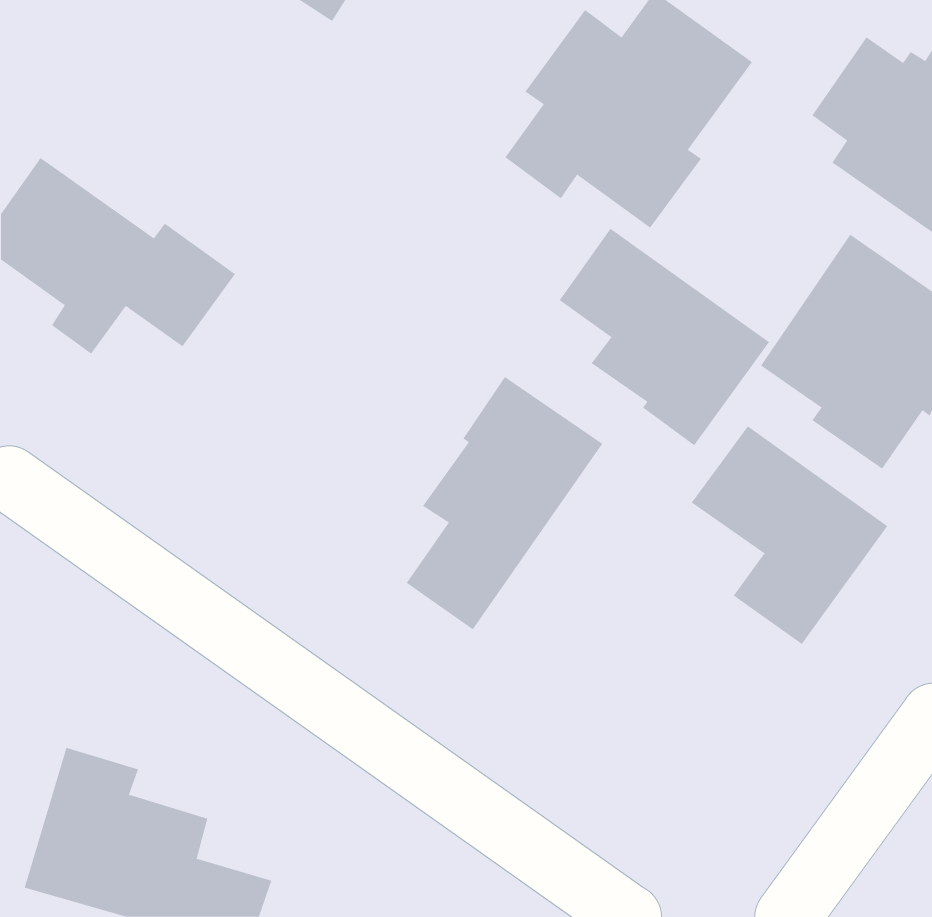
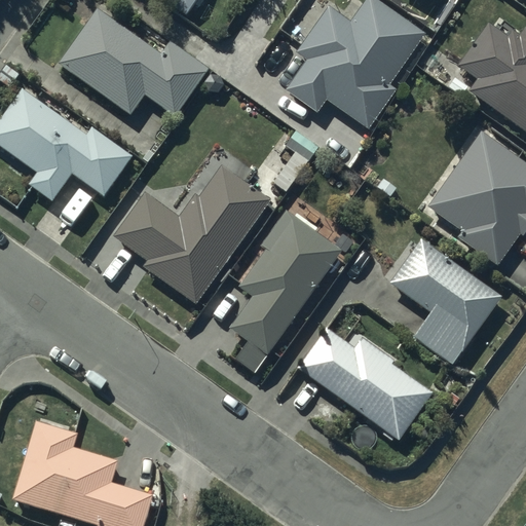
building: none -> [58,8,209,116]
building: [559,228,770,446] -> none
building: none -> [115,164,269,303]
building: none -> [298,329,434,441]

